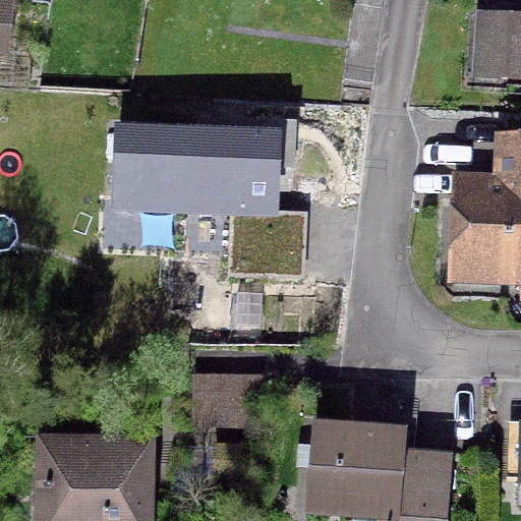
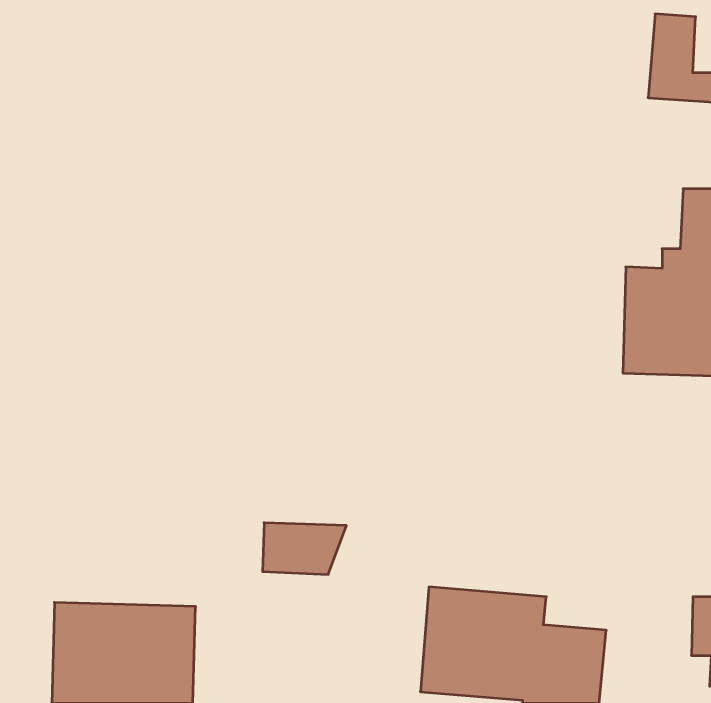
building: [117,129,279,215] -> none

